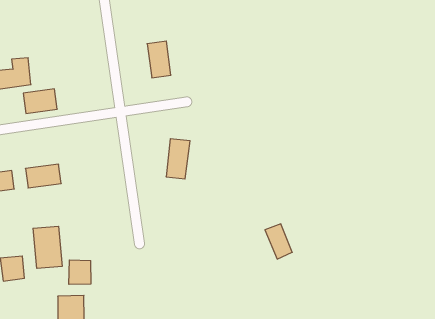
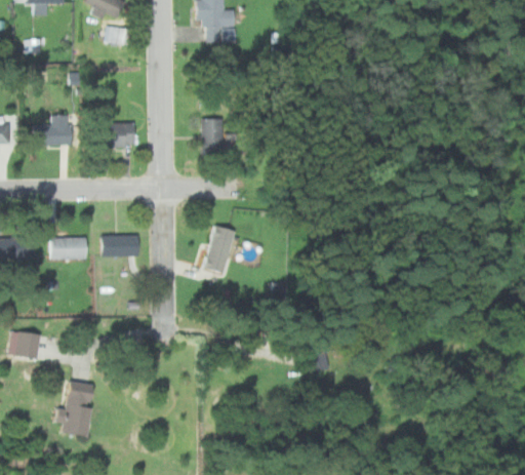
building: [23,89,57,113] -> [100,123,135,146]
building: none -> [102,235,139,255]
building: [33,226,62,268] -> none
building: [69,260,91,284] -> none

